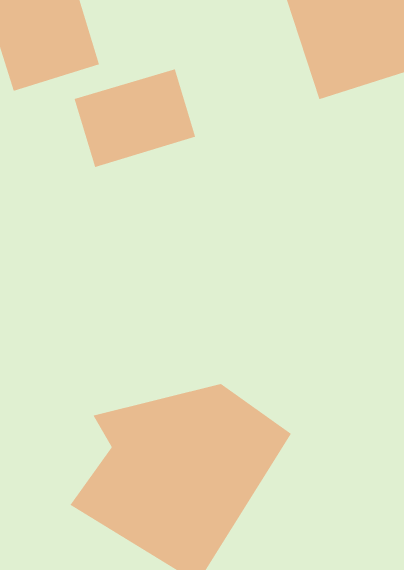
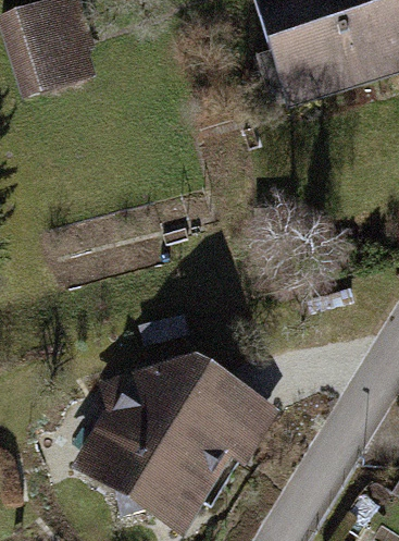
building: [74,68,196,168] -> none

